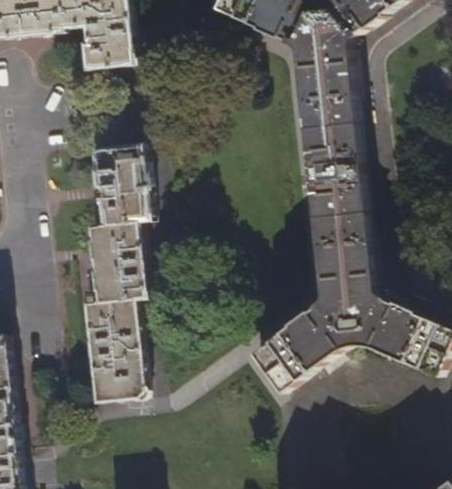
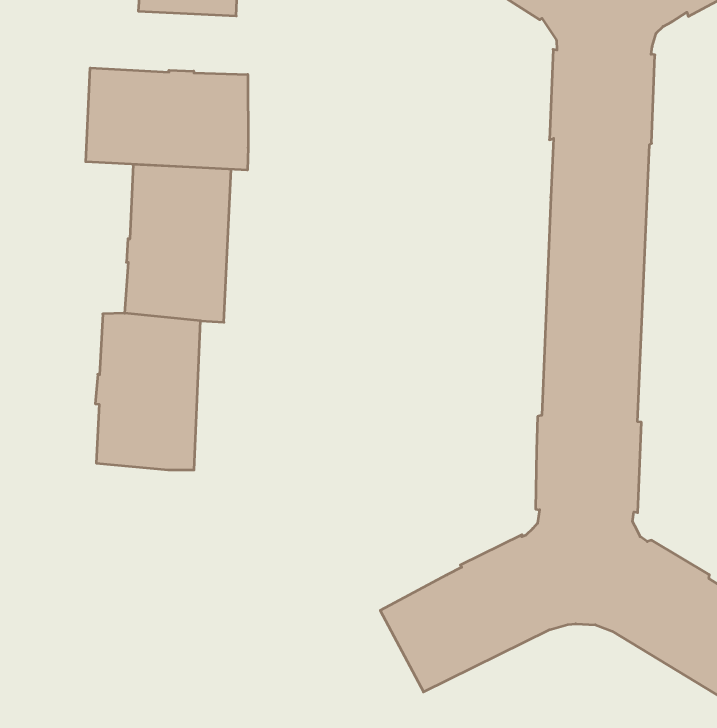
building: none -> [86,68,248,170]
building: [82,299,143,402] -> none

